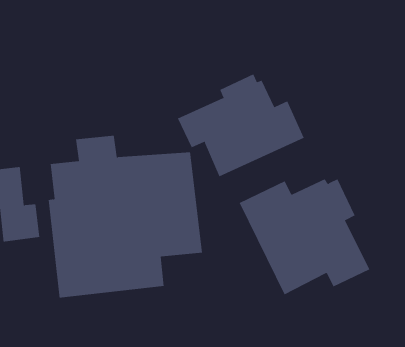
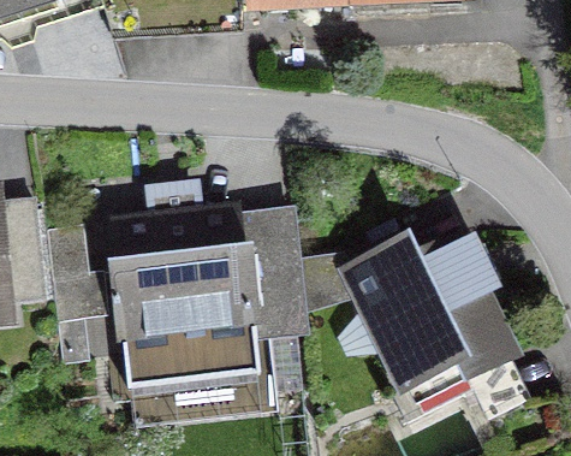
building: [177,73,304,177] -> none

